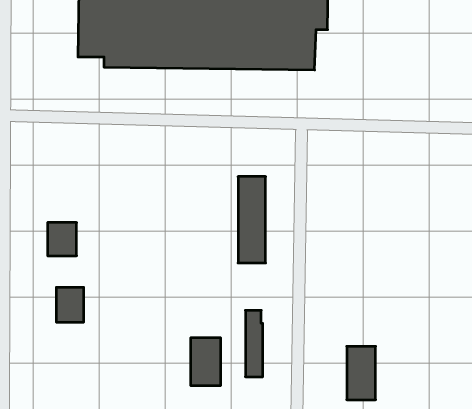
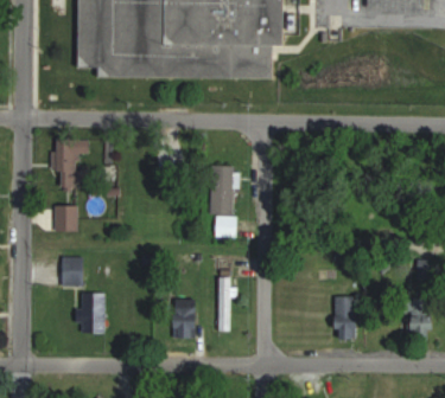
building: none -> [52,140,78,187]
building: none -> [77,293,103,334]
building: [347,346,376,400] -> [333,295,357,339]

